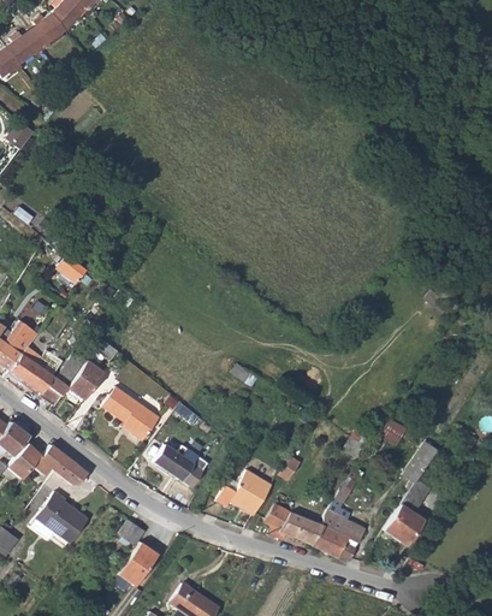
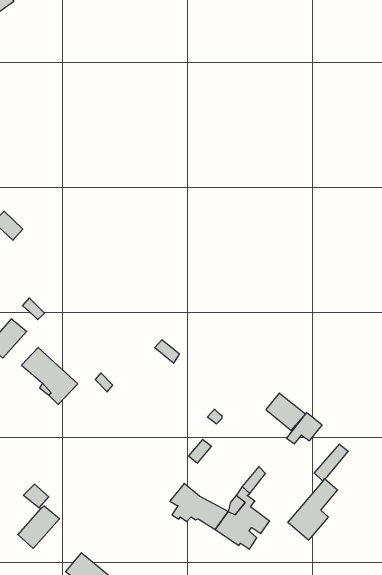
building: none -> [266,393,306,431]
building: [154,444,209,486] -> none
building: [218,470,273,515] -> none

